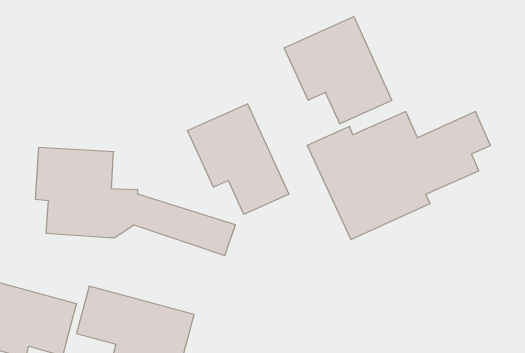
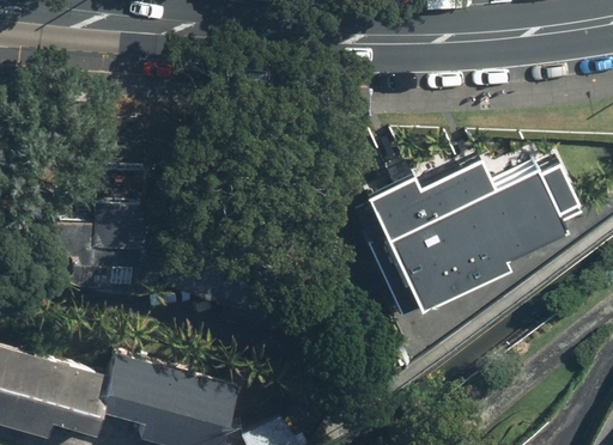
building: [284,17,392,124] -> none
building: [188,104,289,214] -> none

